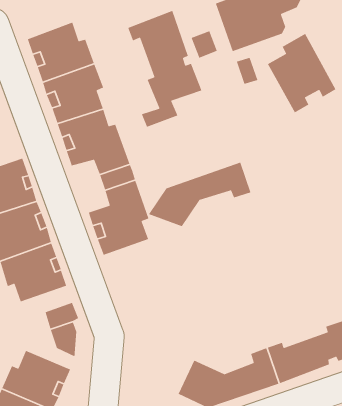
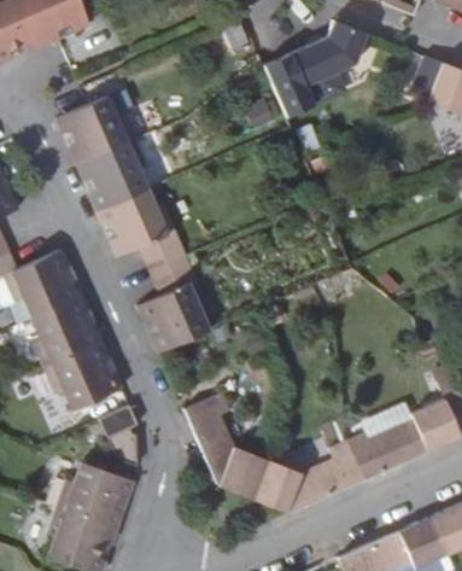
building: [127,10,202,128] -> none
building: [267,33,337,113] -> none
building: [148,162,251,227] -> none
building: none -> [186,392,269,500]

